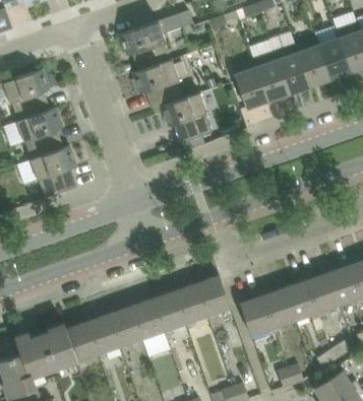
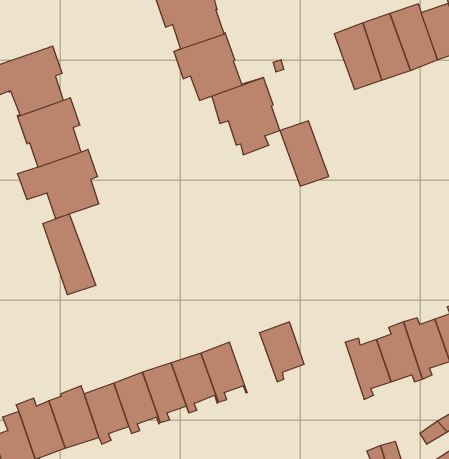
building: [232,60,268,109] -> [280,121,329,186]
building: none -> [43,214,96,295]
building: [175,283,210,328] -> none
building: [240,290,276,335] -> none

